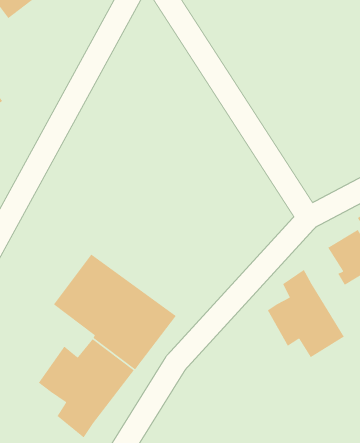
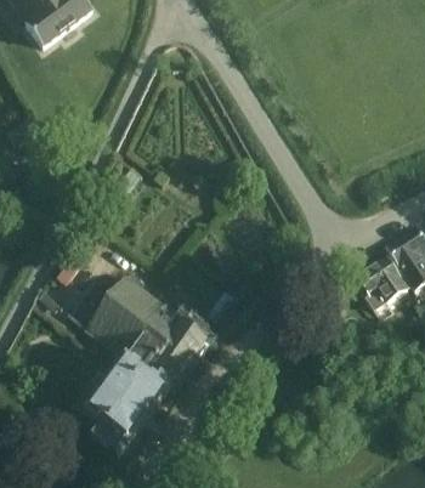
building: [267,269,345,358] -> none

